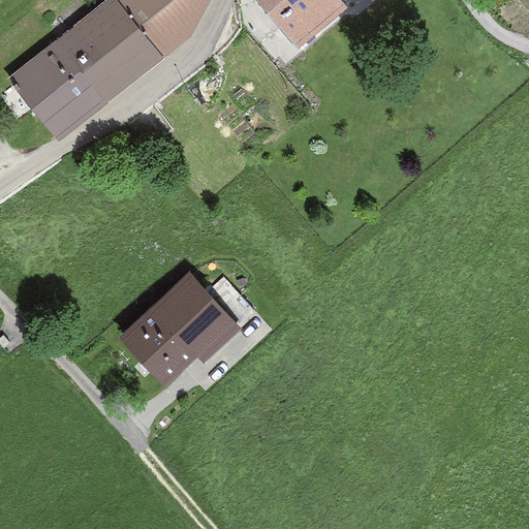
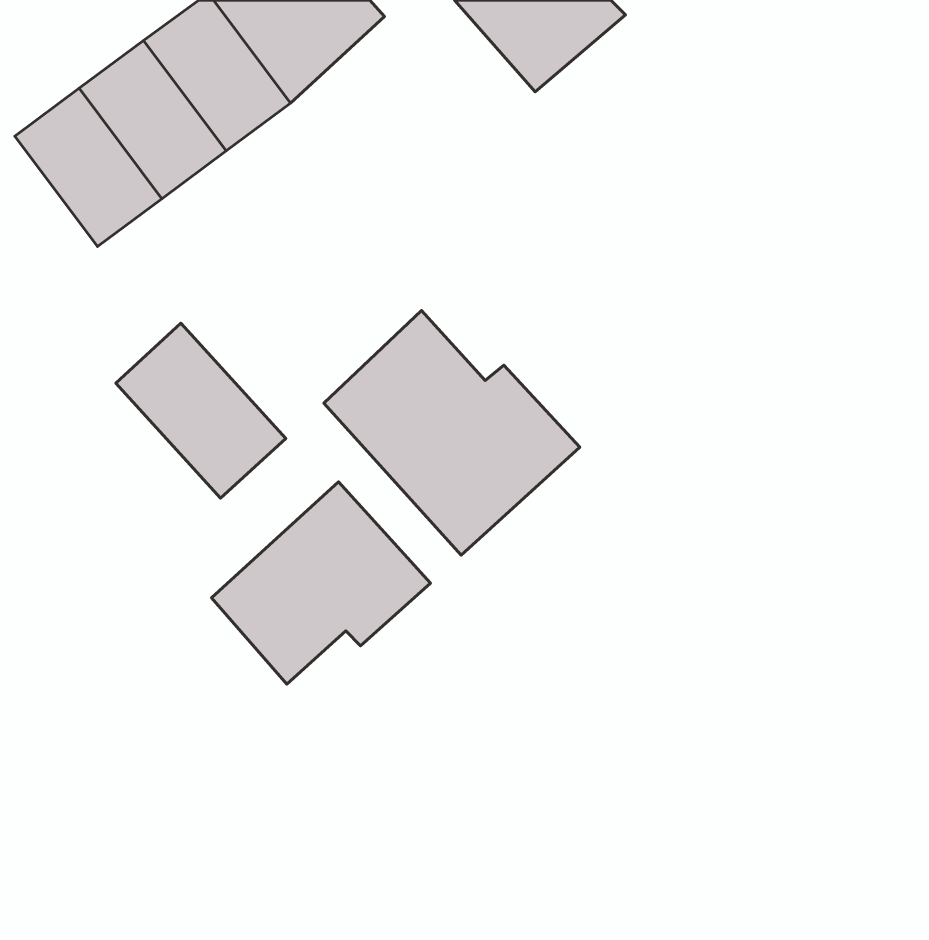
building: none -> [324,311,580,555]
building: none -> [116,323,286,498]

